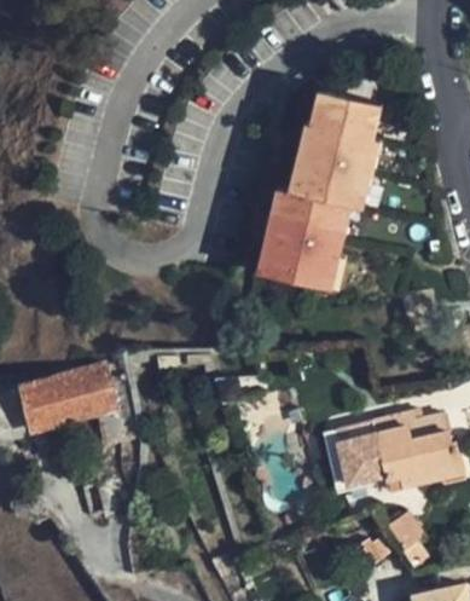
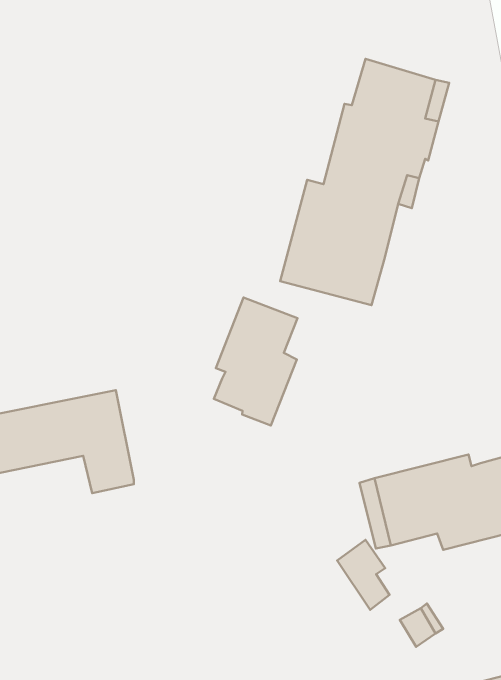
building: none -> [214,298,298,426]
building: [385,509,428,566] -> [337,540,390,610]

